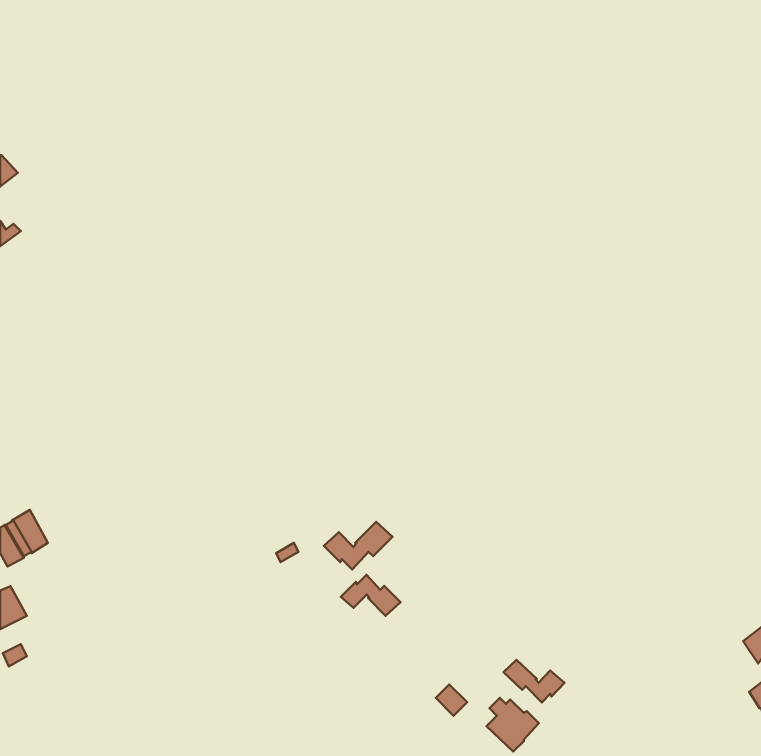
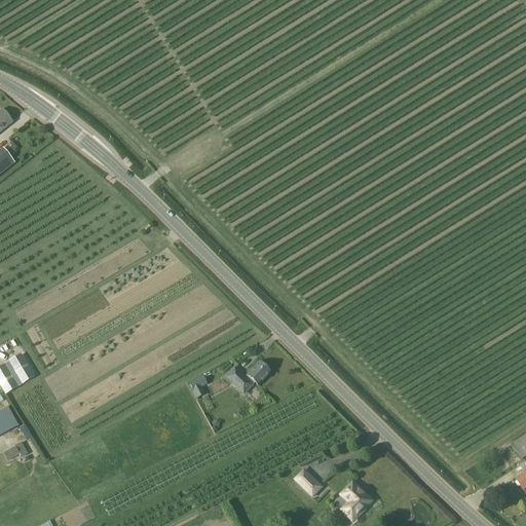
building: [341,575,400,616] -> none
building: [503,660,565,703] -> none

